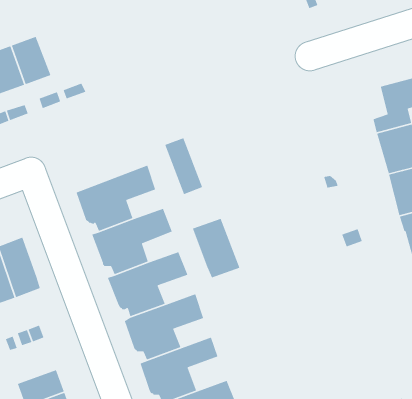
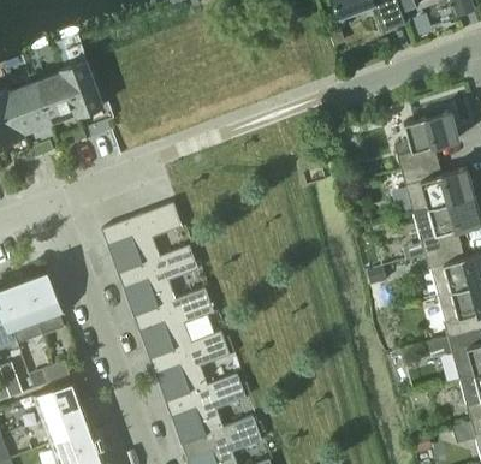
building: none -> [61,60,103,115]
building: [164,137,203,195] -> none
building: [192,218,241,278] -> none
building: none -> [32,382,82,421]

